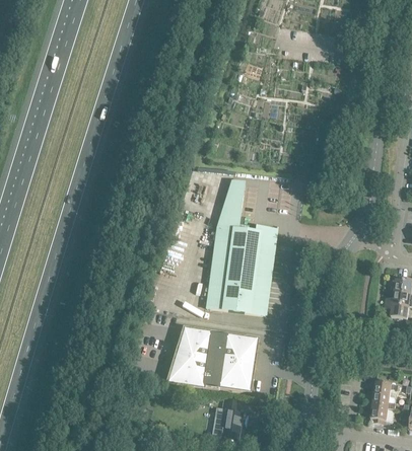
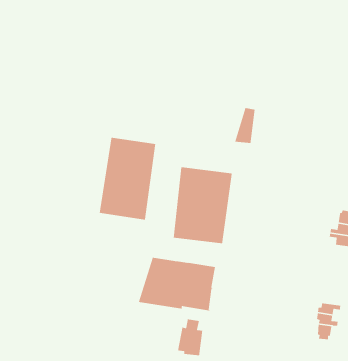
building: [218,180,243,222] -> [234,107,256,144]
building: none -> [98,137,156,222]

